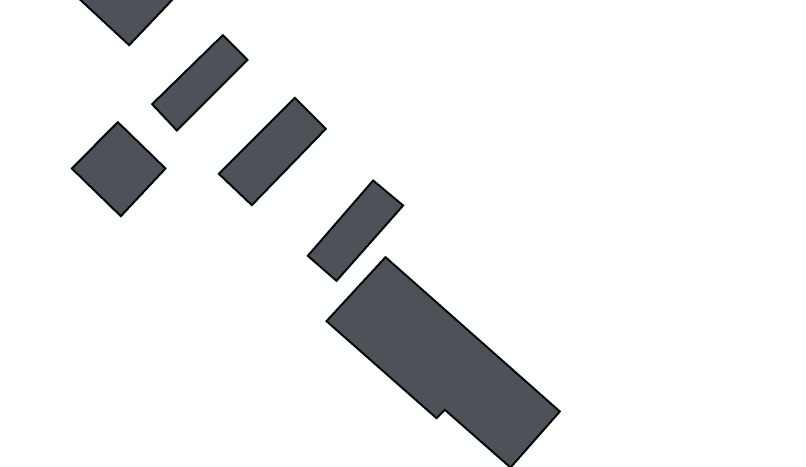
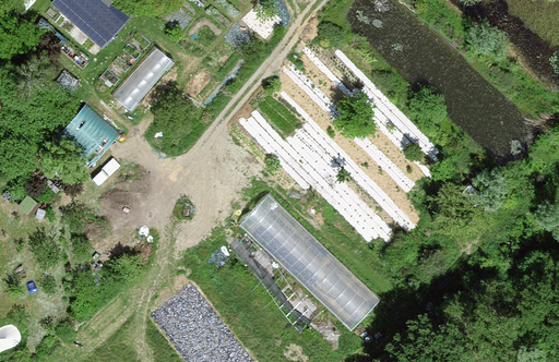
building: [219,98,326,205] -> none
building: [308,180,403,281] -> none

